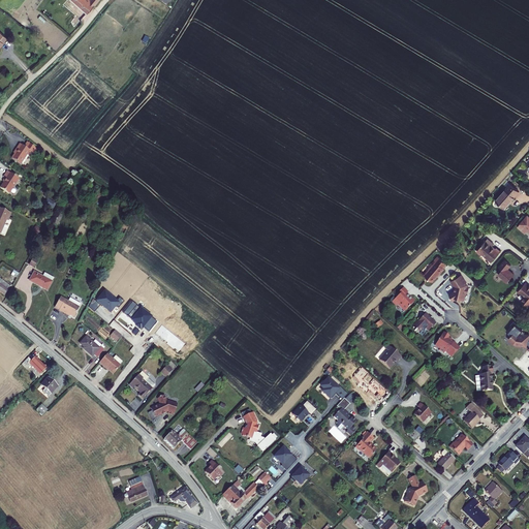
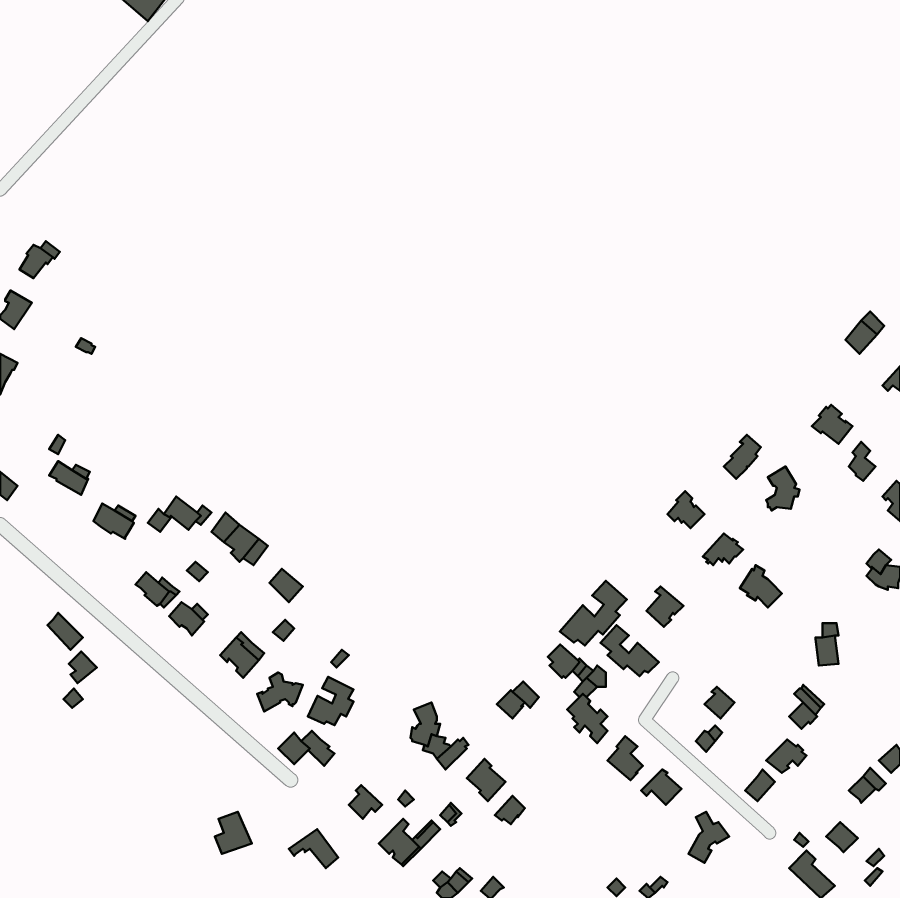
building: none -> [560,581,627,645]
building: none -> [308,677,354,725]

